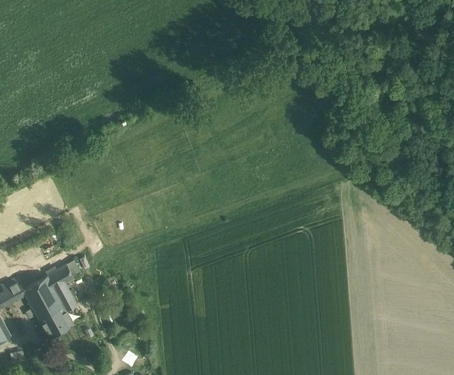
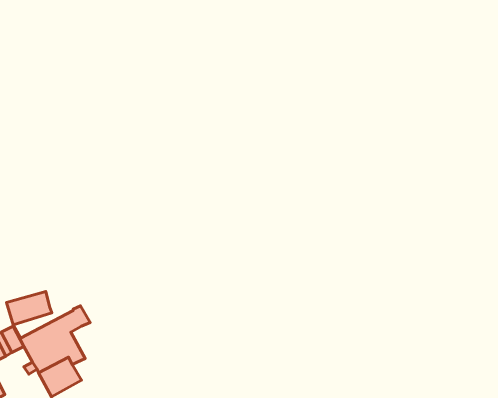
building: none -> [7,291,52,325]

